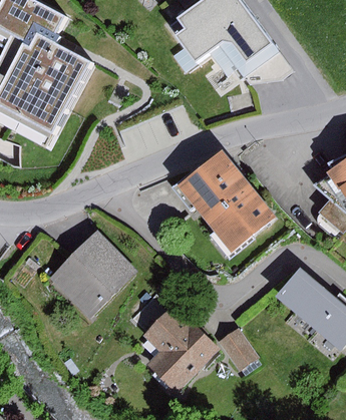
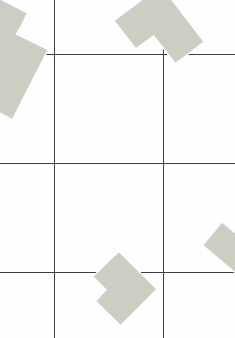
building: [178,150,275,252] -> none
building: [50,232,137,319] -> none
building: [220,327,258,370] -> none

